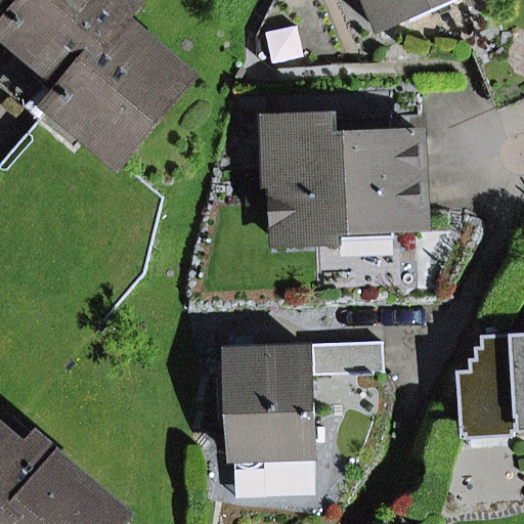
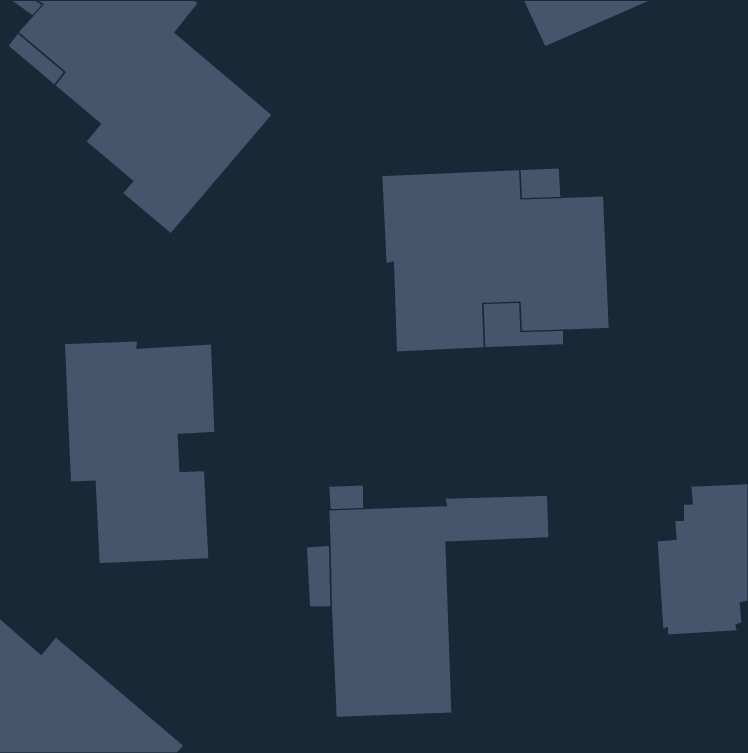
building: none -> [64,341,215,564]

